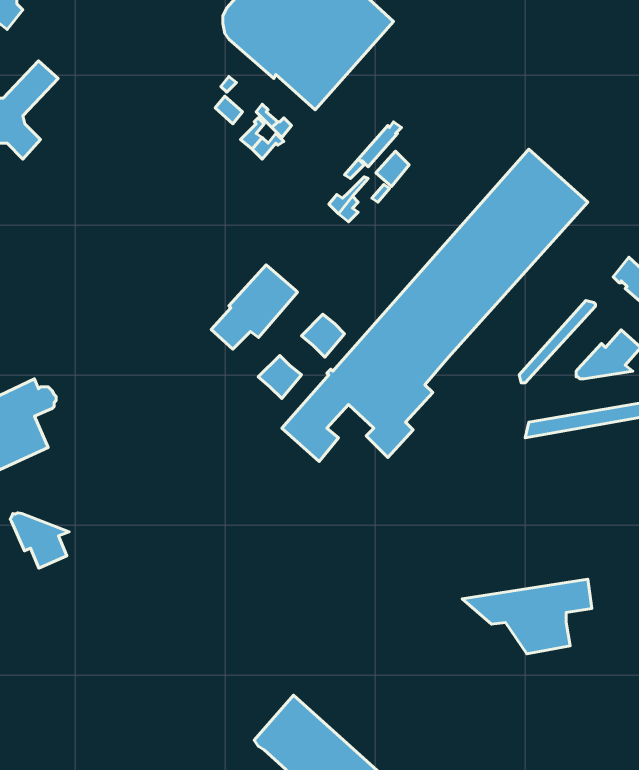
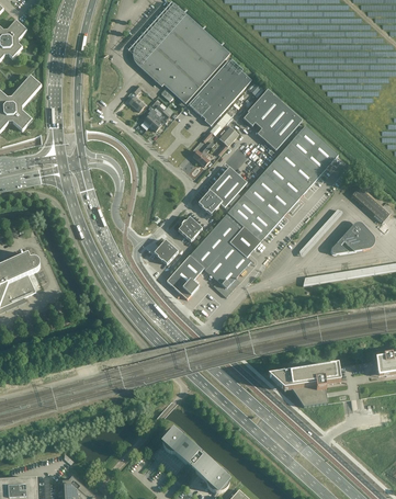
building: none -> [186,58,250,124]
building: none -> [242,88,302,149]
building: [211,265,298,349] -> [197,166,246,213]
building: [10,513,69,568] -> none

